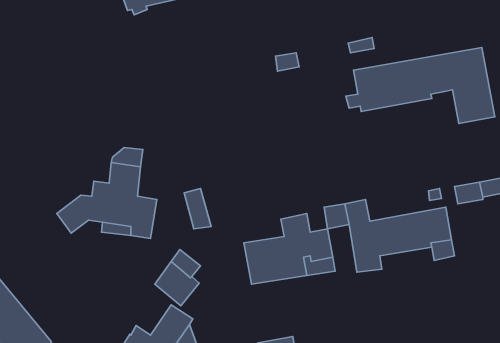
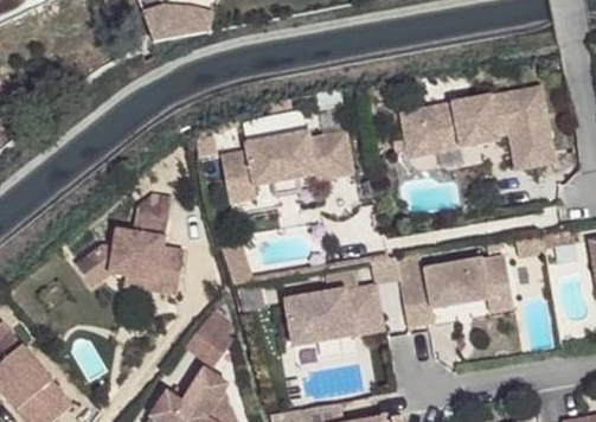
building: none -> [222,129,354,202]

